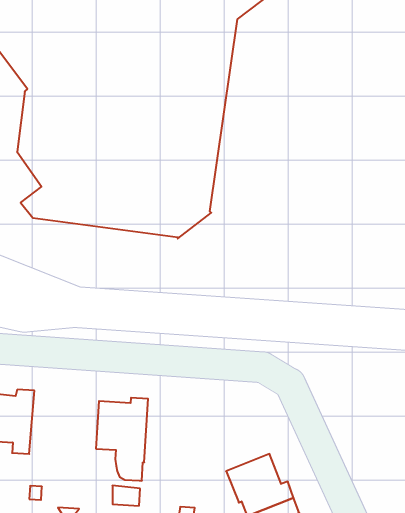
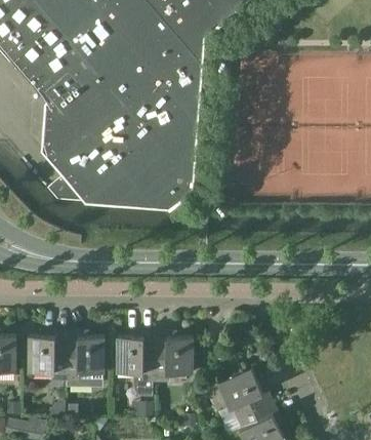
building: none -> [65,331,104,388]
building: none -> [154,332,192,382]

